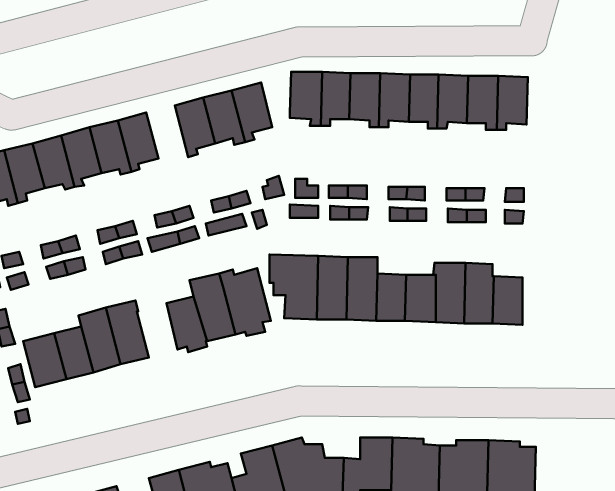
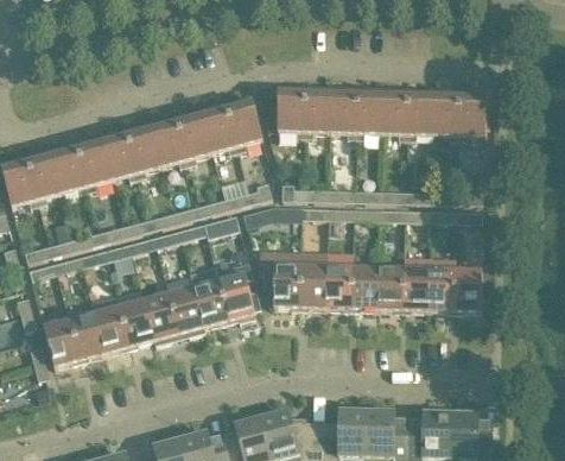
building: none -> [151,119,188,166]
building: none -> [142,292,178,343]

